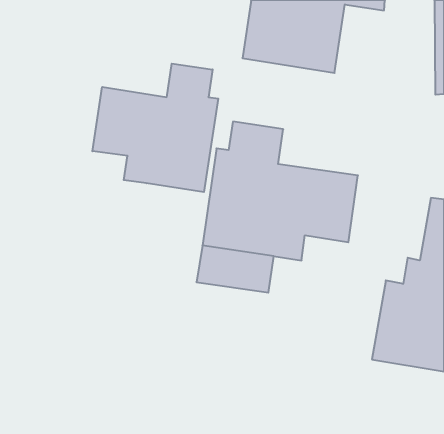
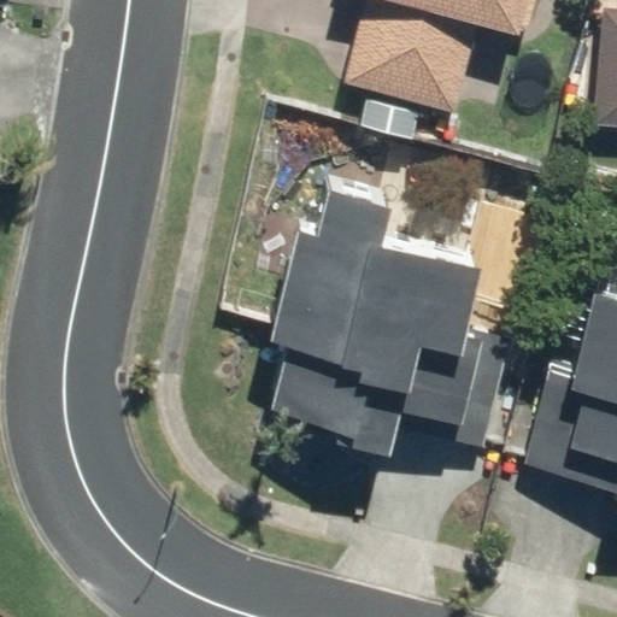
building: [92,64,218,192] -> none

